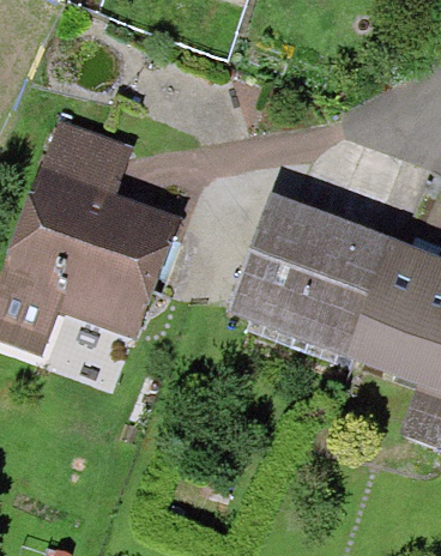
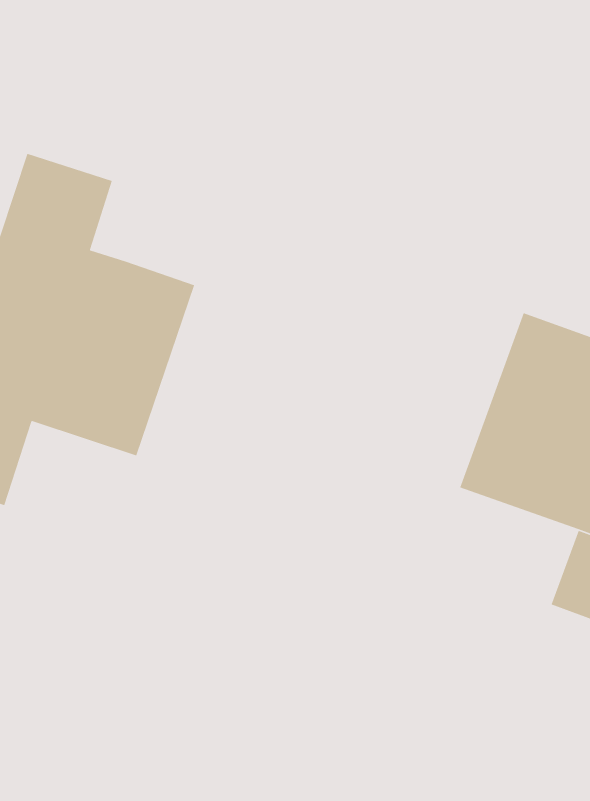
building: [232,197,381,350] -> none

